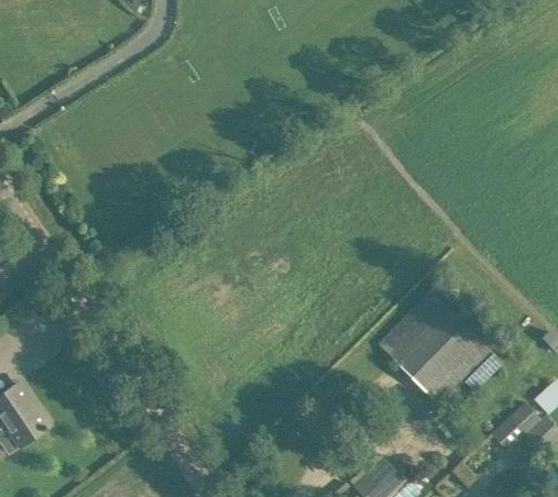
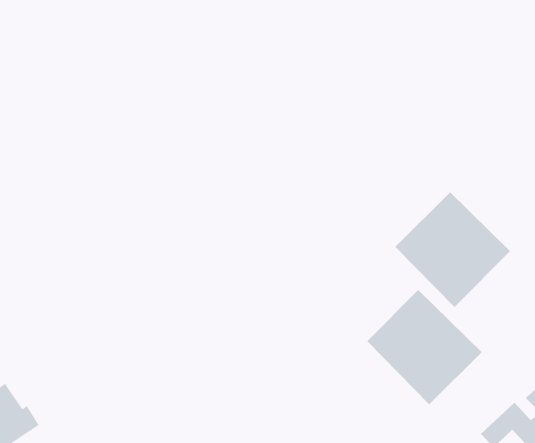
building: none -> [395,191,511,308]

